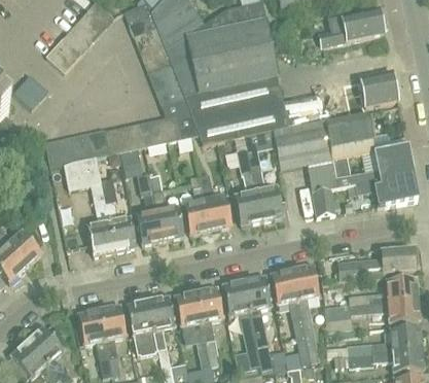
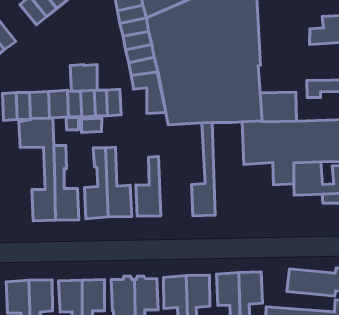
building: [152,113,181,142] -> [70,64,97,91]
building: [243,132,282,220] -> none
building: [199,174,231,230] -> none
building: [310,179,335,215] -> none

